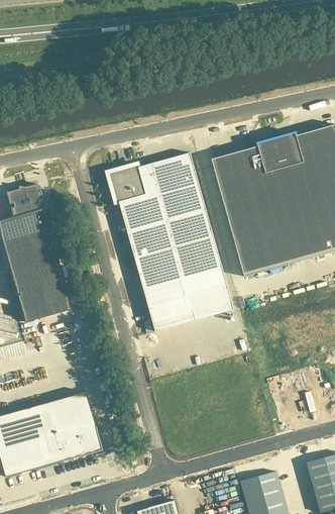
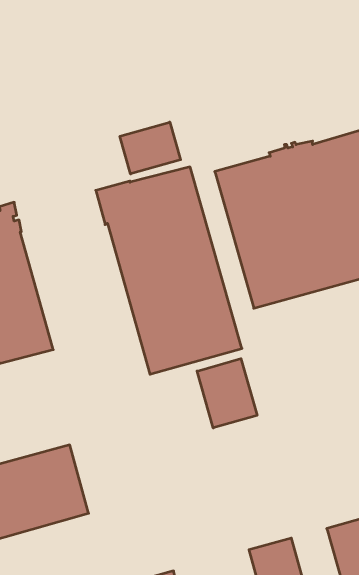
building: none -> [120,122,181,174]
building: none -> [197,359,257,428]

